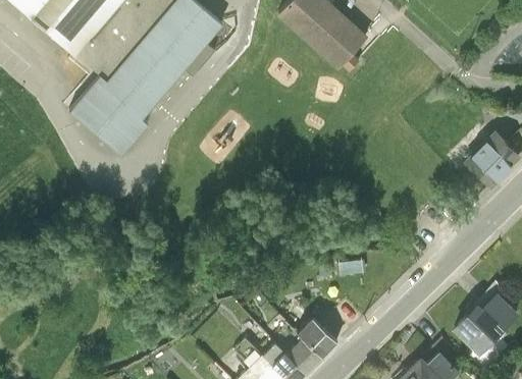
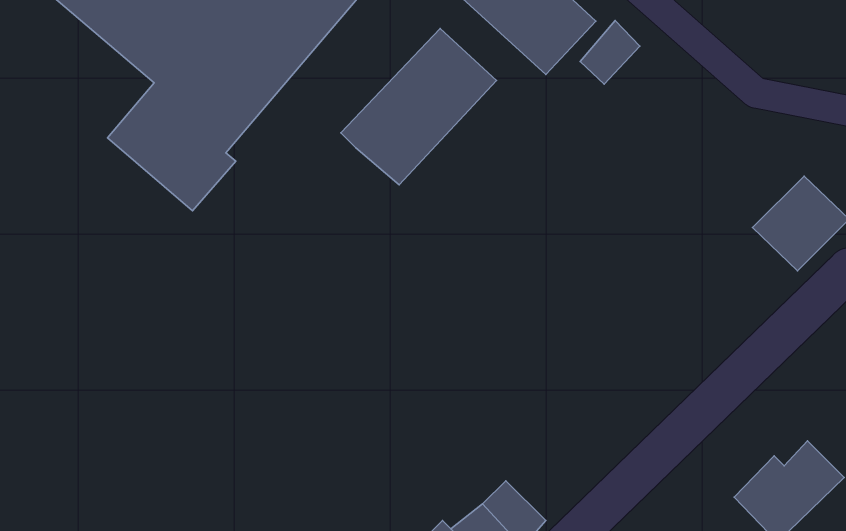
building: none -> [580,20,640,84]
building: none -> [341,28,496,185]

